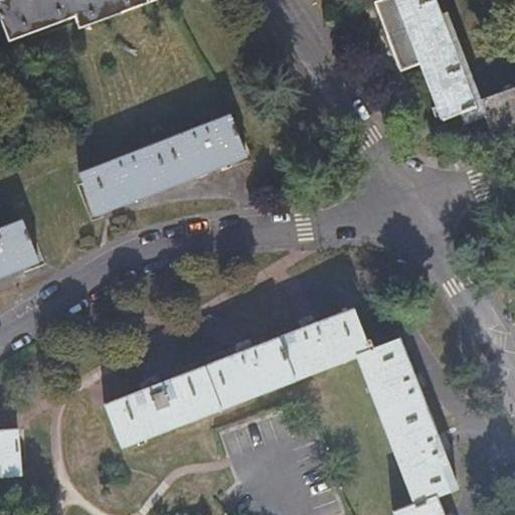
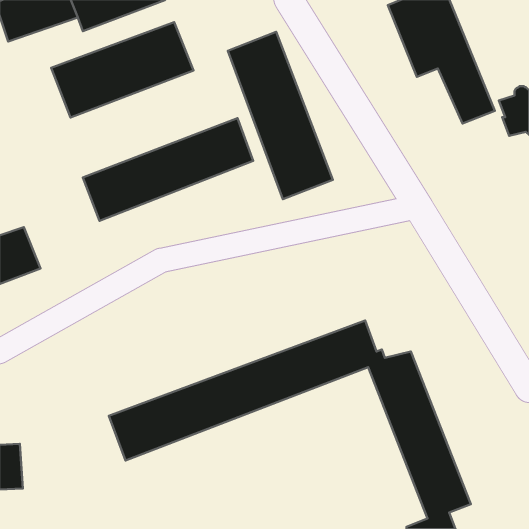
building: none -> [51,22,193,118]
building: none -> [228,32,333,199]

